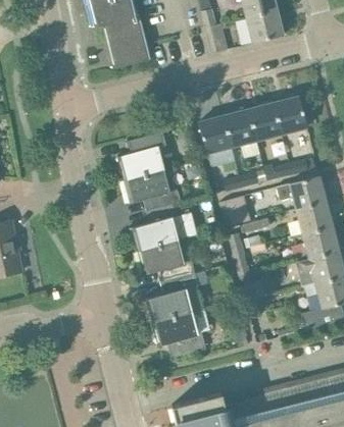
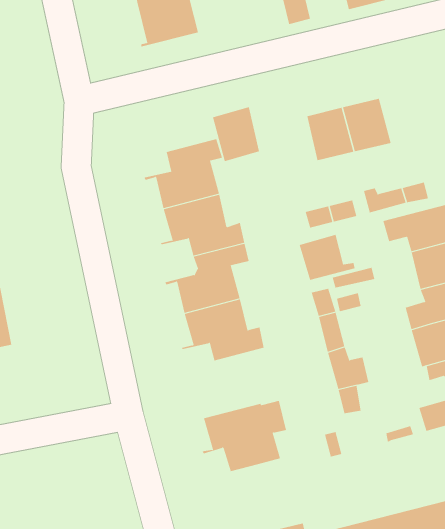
building: [275,96,307,134] -> none
building: [199,115,232,153] -> [212,107,260,162]
building: [142,273,199,321] -> none

